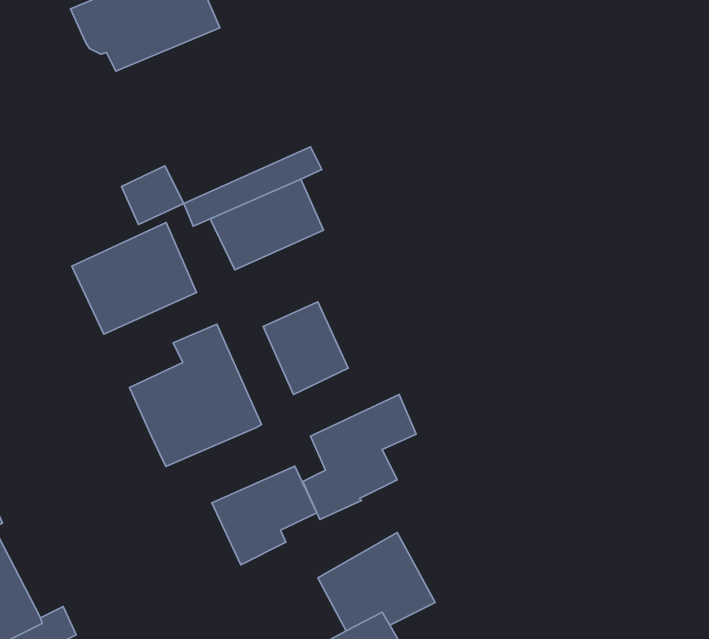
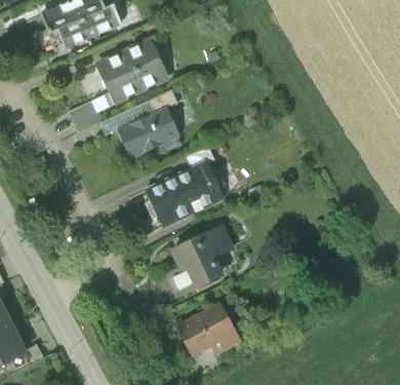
building: [72,223,196,334] -> [97,42,165,103]
building: none -> [175,161,222,211]
building: [130,324,262,466] -> none
building: [212,466,317,565] -> none

